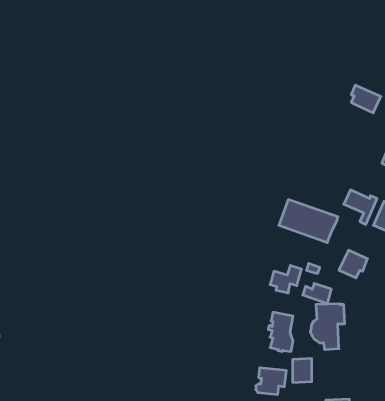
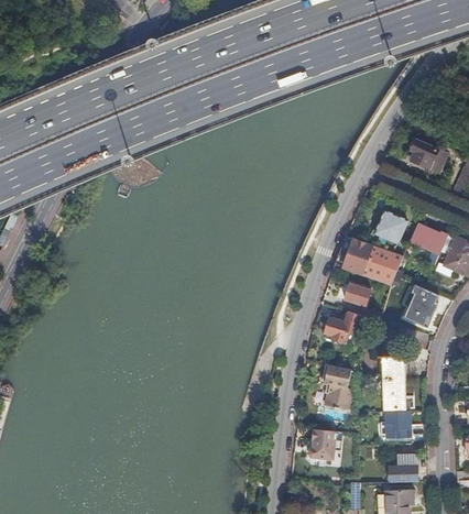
building: [351,85,381,113] -> [412,139,446,171]
building: none -> [371,210,406,251]
building: [303,283,331,304] -> [337,282,370,305]
building: [293,359,312,382] -> [388,409,410,437]

